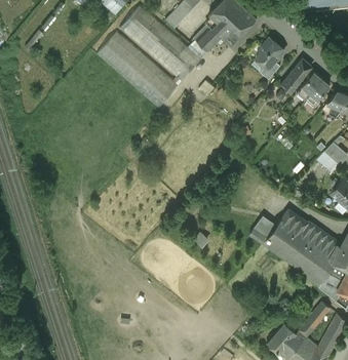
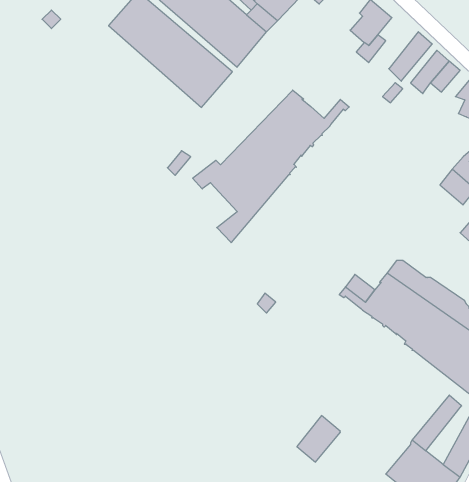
building: none -> [193,90,349,243]
building: [268,322,297,353] -> [297,416,340,462]

